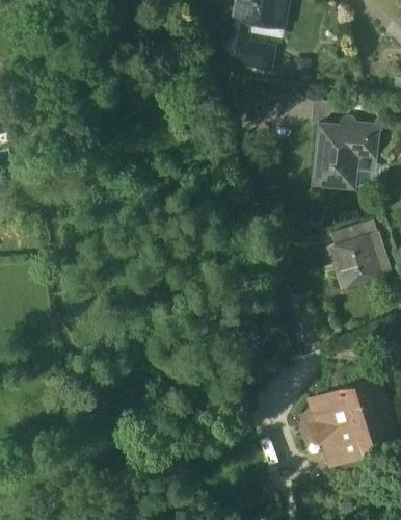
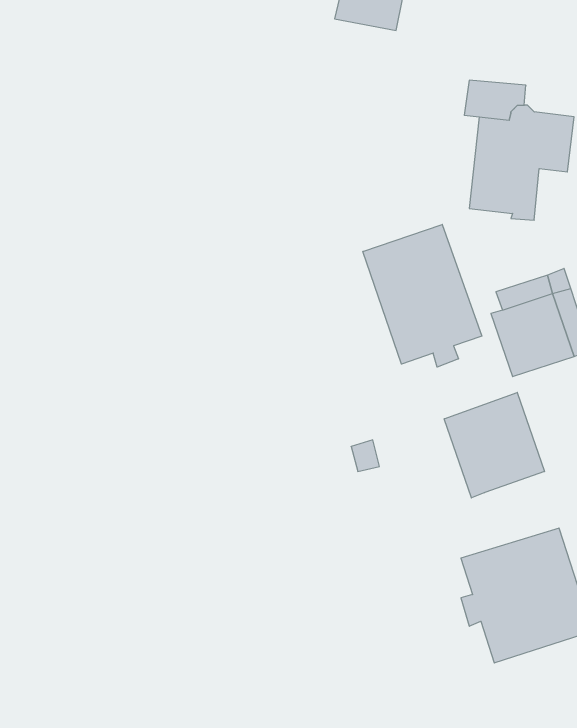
building: none -> [363,224,482,367]
building: none -> [444,392,544,498]

